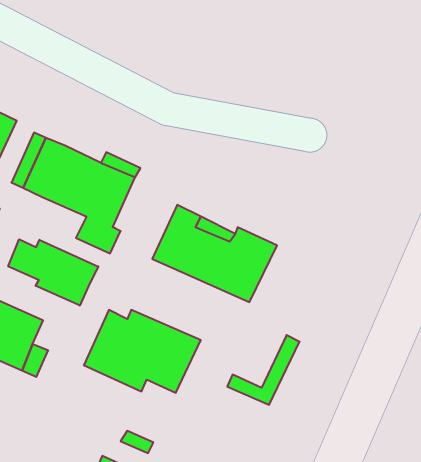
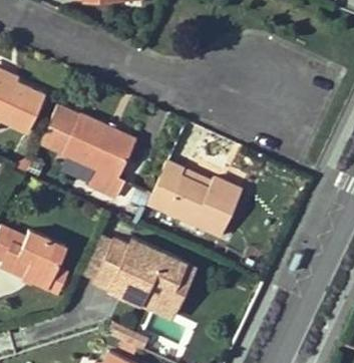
building: [8,239,98,306] -> none
building: [227,335,300,405] -> [139,264,195,317]

